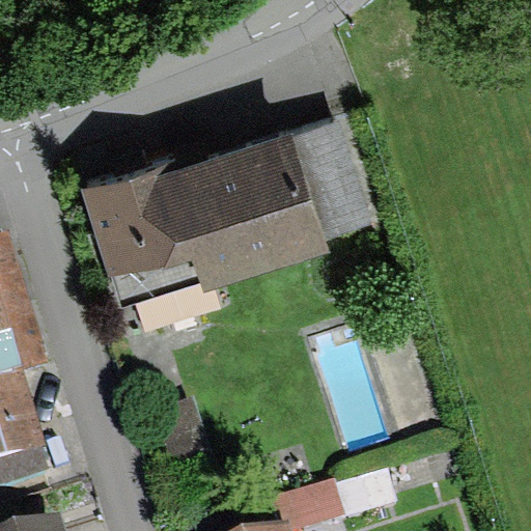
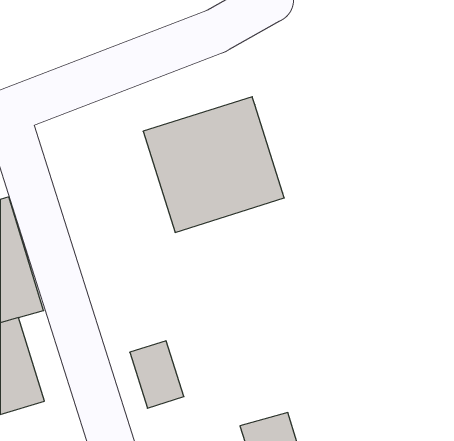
building: [298,123,374,240] -> none
building: [83,162,204,312] -> none

